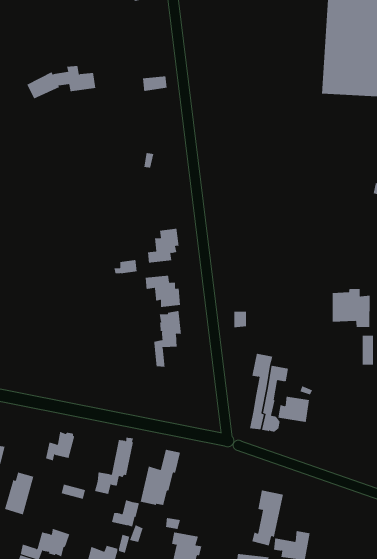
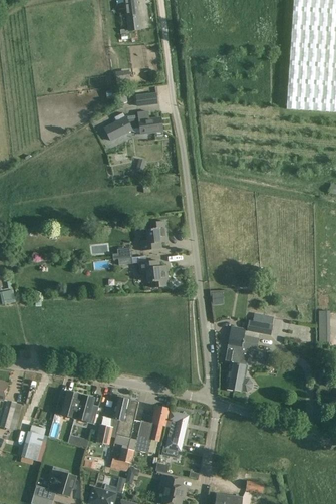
building: [27,65,96,99] -> [104,111,162,140]
building: [332,288,370,328] -> none
building: [153,310,181,367] -> none
building: [278,396,310,423] -> [247,313,274,335]
building: none -> [75,395,97,424]
building: none -> [114,400,138,446]
building: [252,490,284,546] -> [161,411,189,458]

